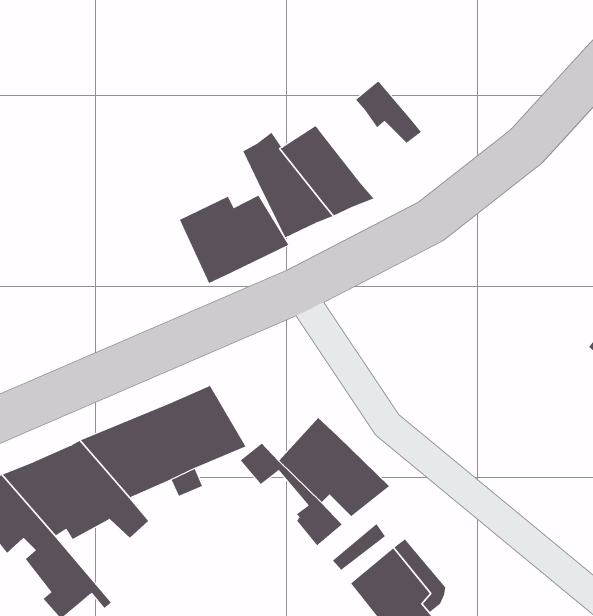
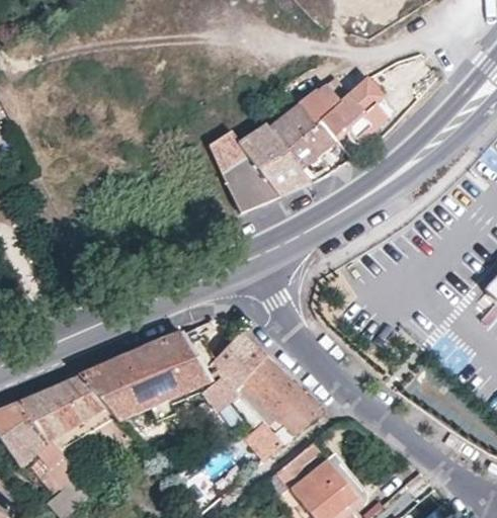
building: none -> [315,79,394,143]
building: none -> [265,105,335,170]
building: [179,195,289,284] -> none
building: none -> [208,331,265,391]

